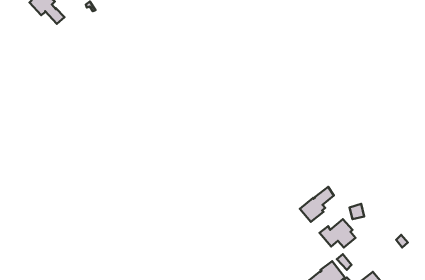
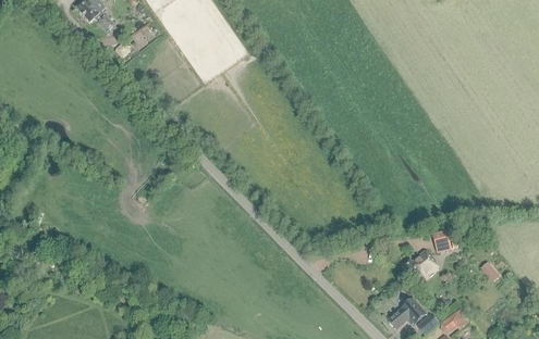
building: [300,187,334,222] -> none

